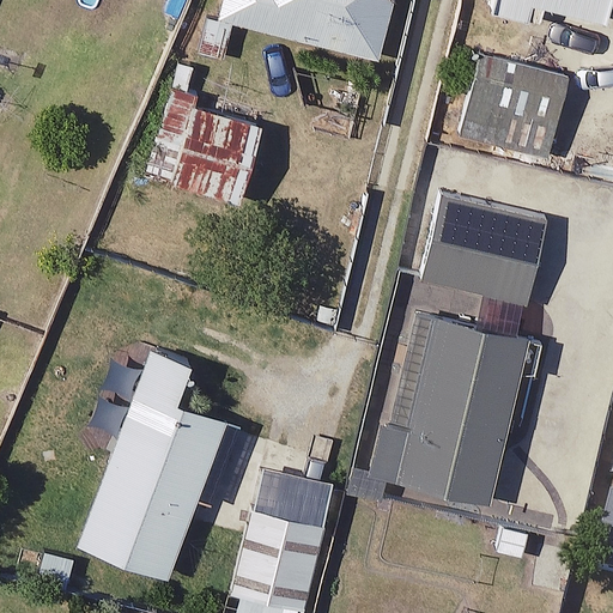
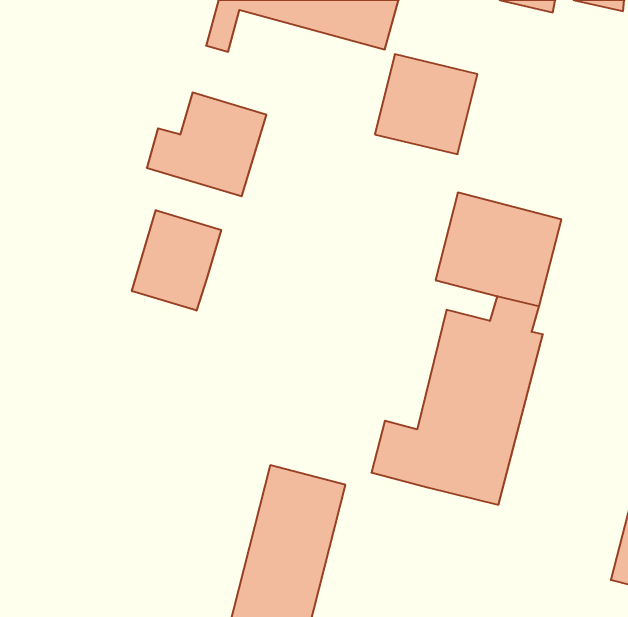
building: [462,62,562,159] -> [375,54,477,154]
building: none -> [132,210,221,311]
building: [77,348,243,577] -> none

